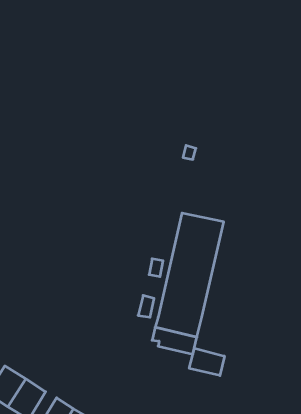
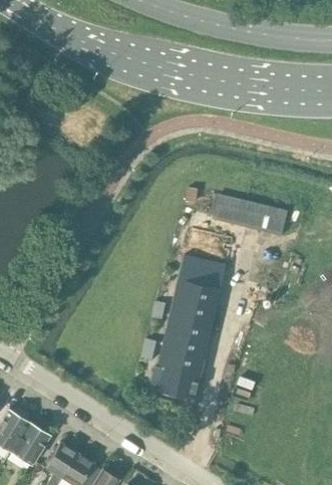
building: none -> [212,194,287,235]
building: [189,348,224,376] -> none

